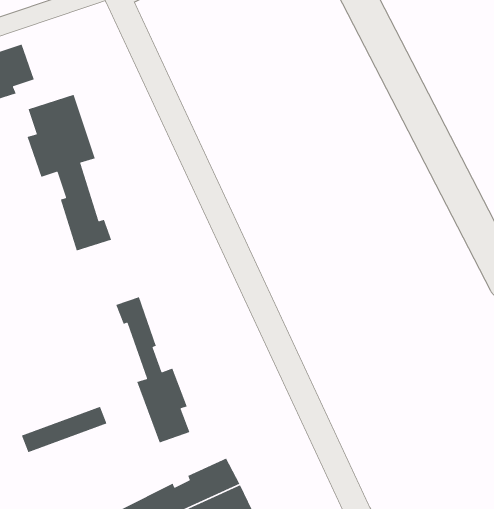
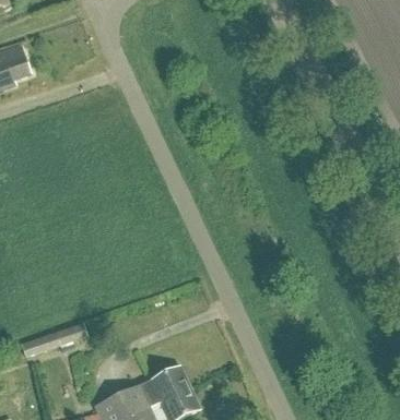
building: [26,94,112,252] -> none
building: [115,296,190,444] -> none

